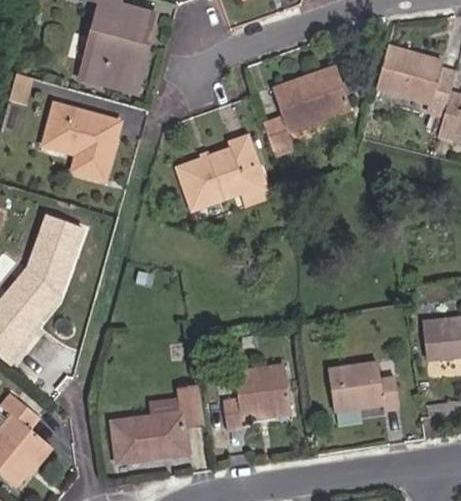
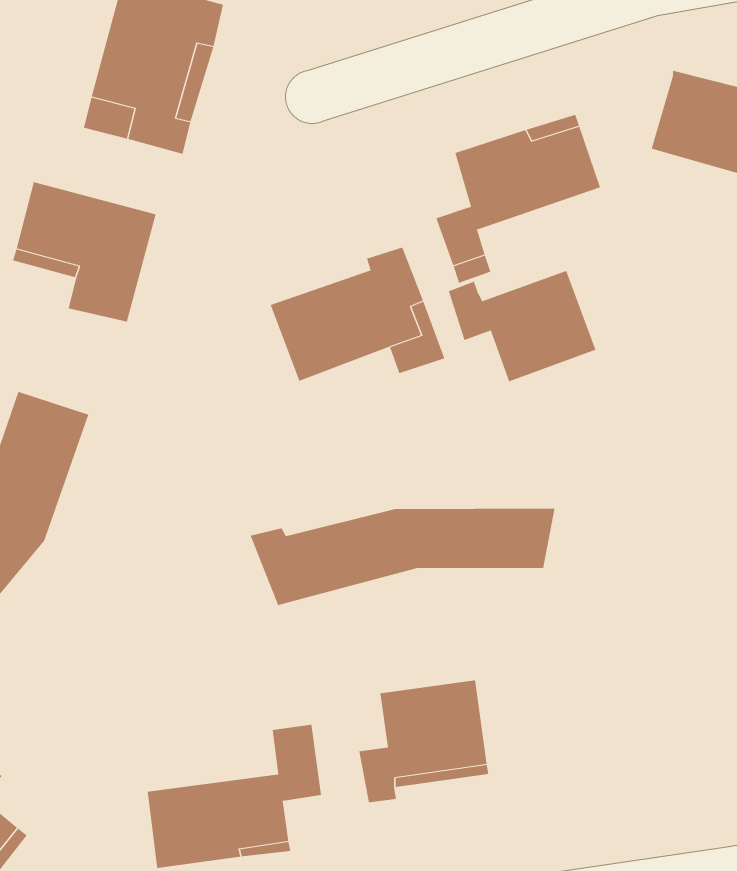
building: none -> [448,270,596,382]
building: none -> [250,508,555,606]
building: [328,362,399,411] -> none

